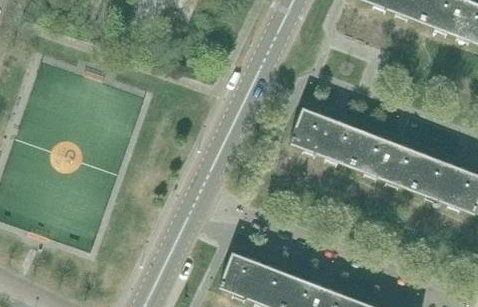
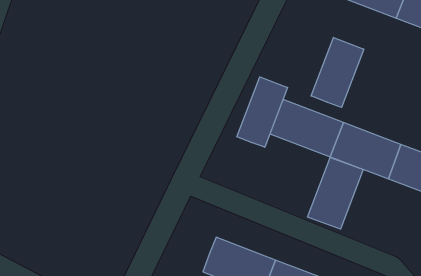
building: none -> [311,37,364,107]
building: none -> [237,77,288,147]
building: none -> [308,157,363,229]

